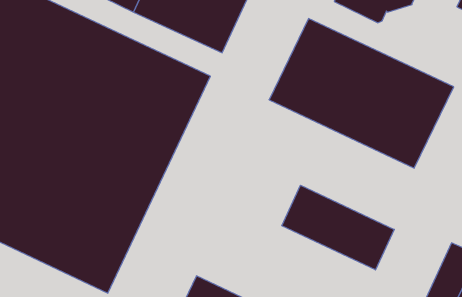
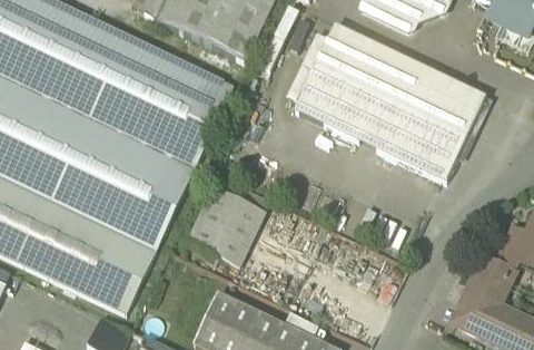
building: none -> [187,186,265,266]
building: [282,185,394,270] -> none

